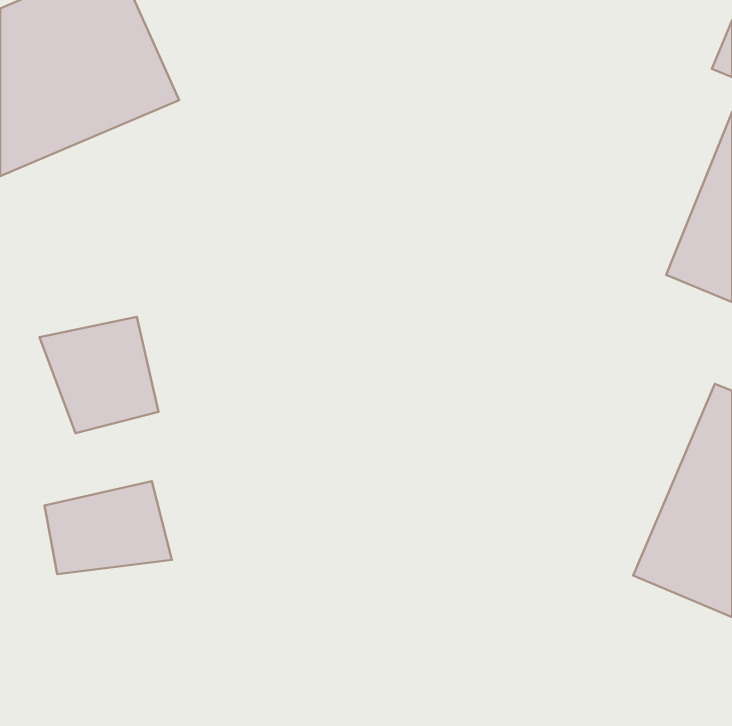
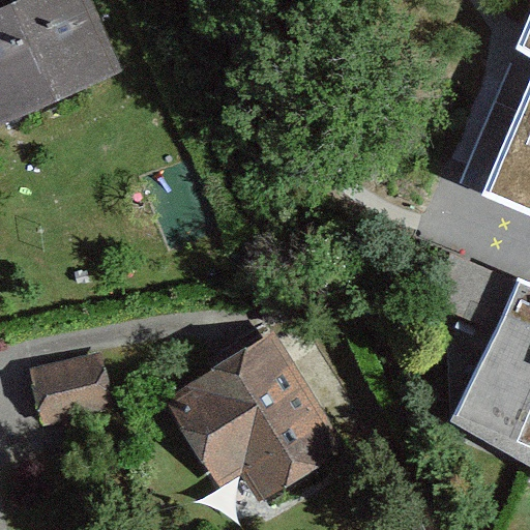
building: [39,317,158,433] -> none
building: none -> [173,336,340,494]

